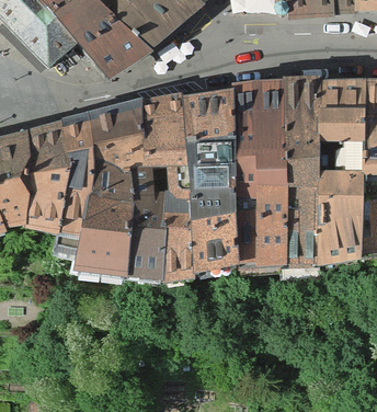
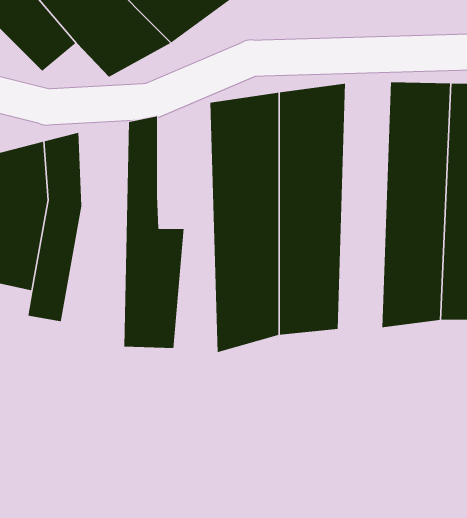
building: [269,77,307,260] -> none
building: [135,92,179,277] -> none
building: [61,106,113,273] -> none

